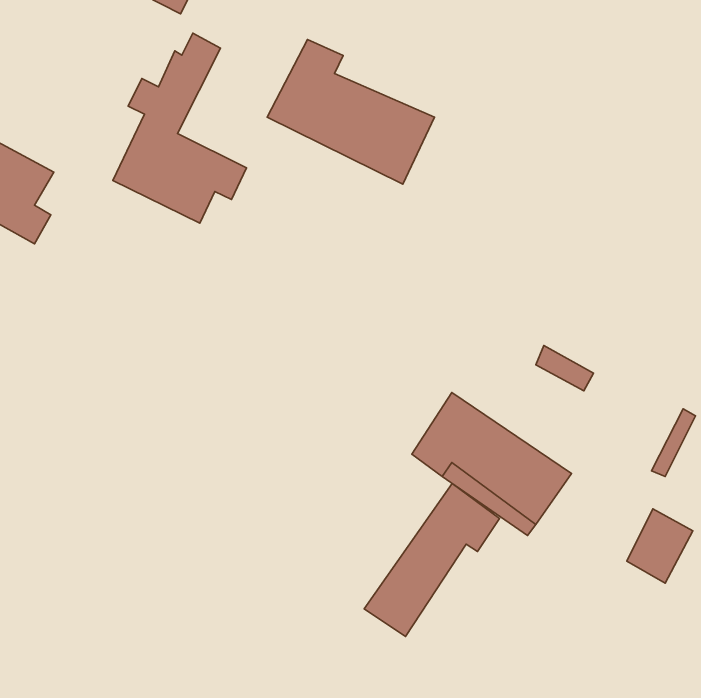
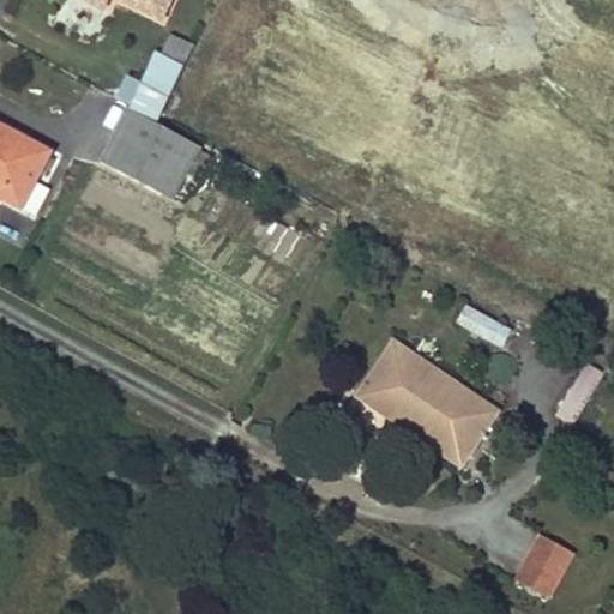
building: [267,40,435,184] -> none
building: [364,483,499,637] -> none
building: [627,509,693,583] -> [516,532,573,597]

